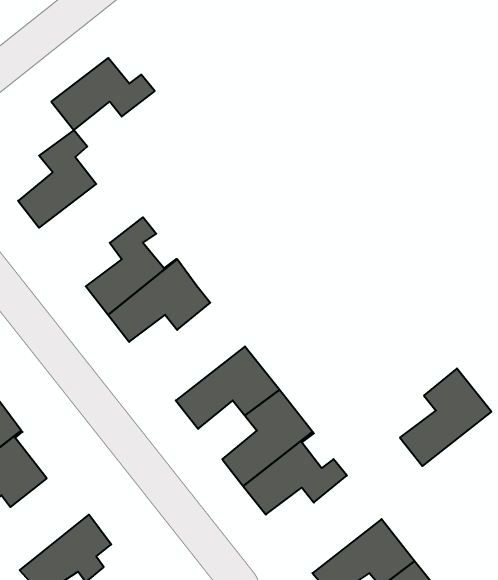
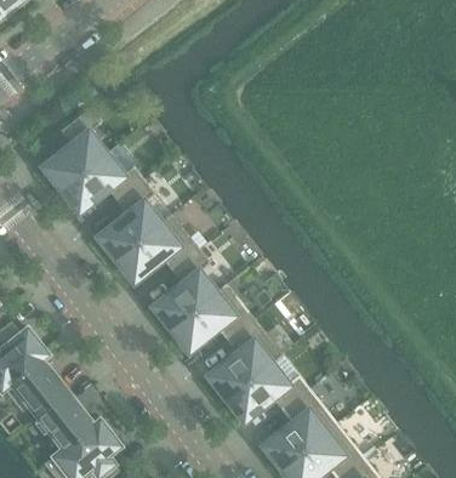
building: [51,58,155,130] -> [58,153,142,211]
building: none -> [150,249,224,328]
building: [400,368,491,466] -> [261,388,335,467]
building: none -> [35,391,98,465]

